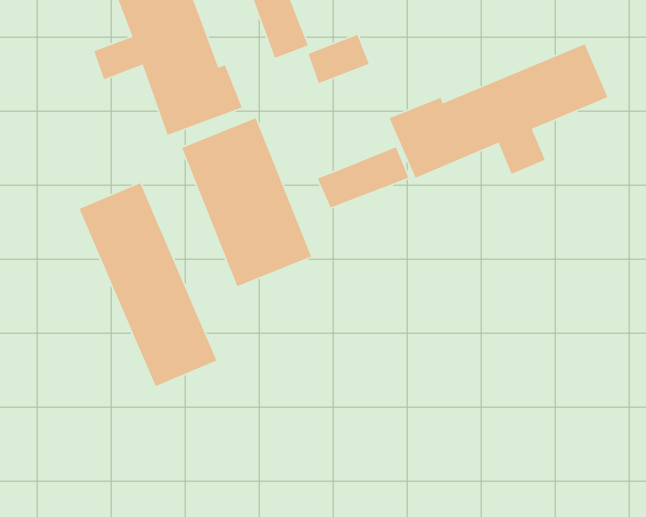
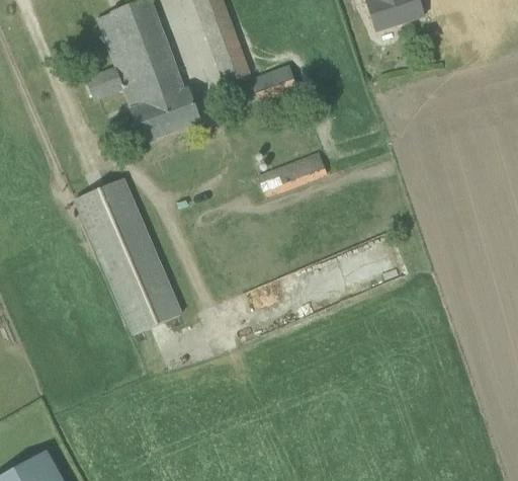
building: [388,43,609,179] -> none
building: [181,117,312,287] -> none

